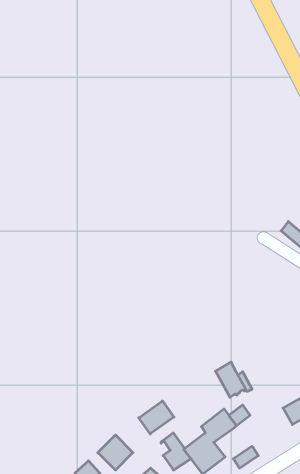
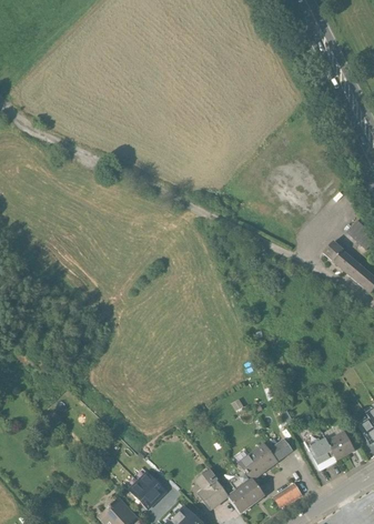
building: [215,362,246,397] -> [305,432,337,470]
building: [139,401,174,434] -> none

